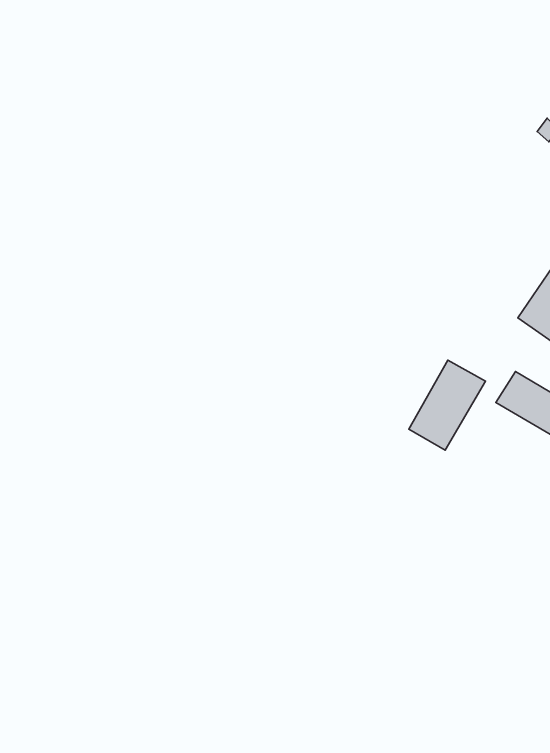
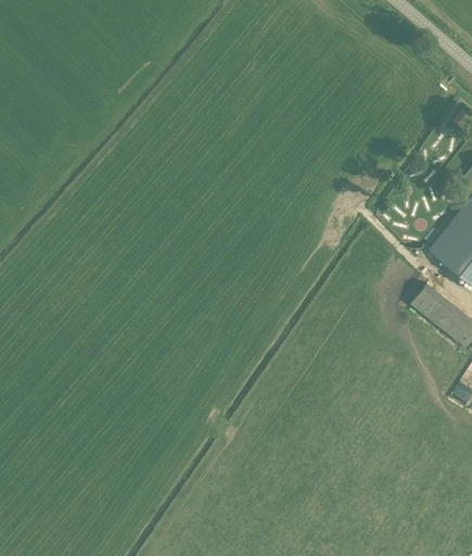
building: [409,360,486,450] -> none

